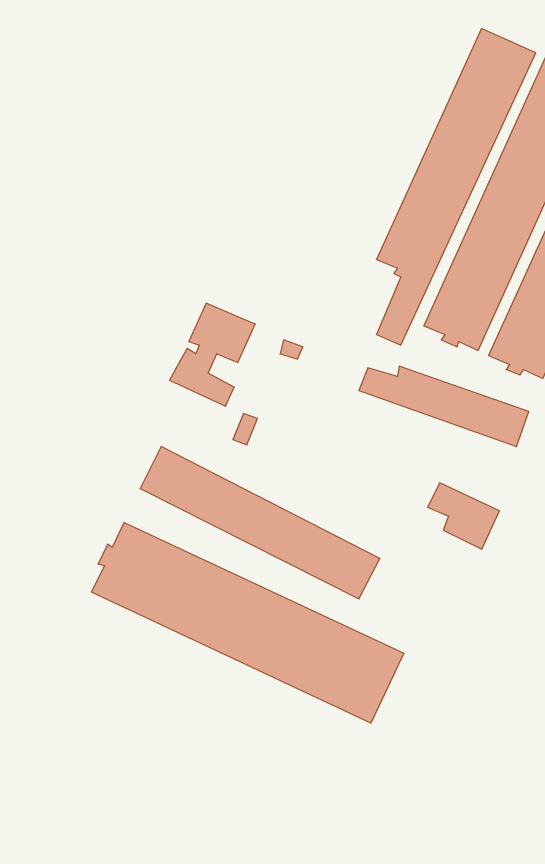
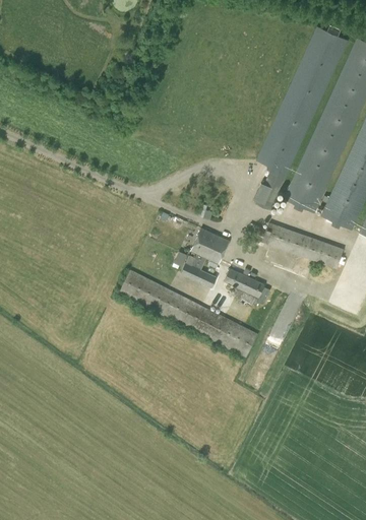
building: [170,303,255,406] -> [180,229,230,288]
building: [428,483,499,549] -> [224,268,265,307]
building: [91,522,404,723] -> none

